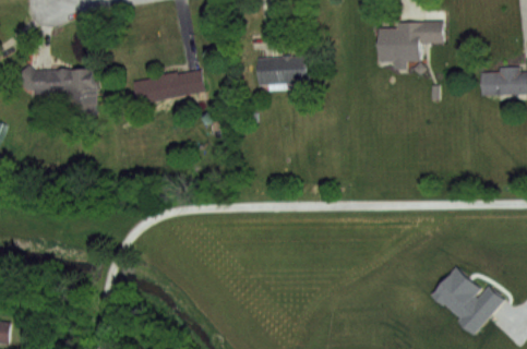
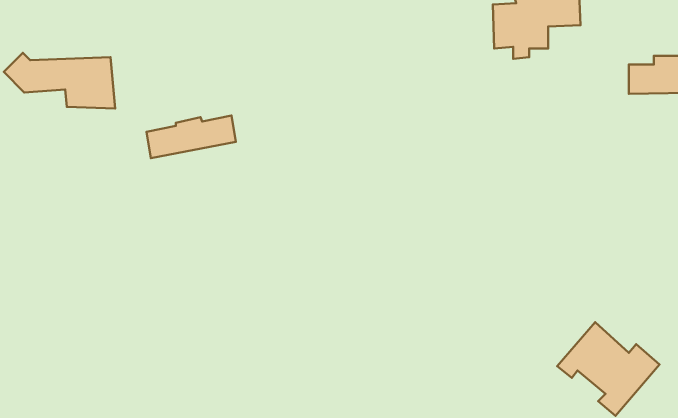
building: [256,56,307,85] -> none
building: [135,71,202,103] -> [146,116,236,158]

